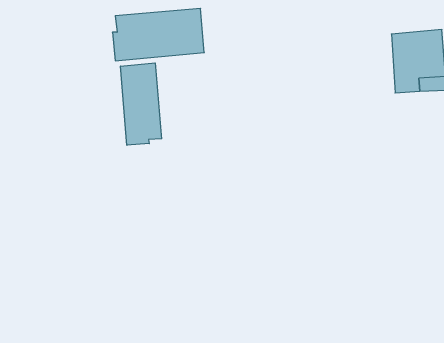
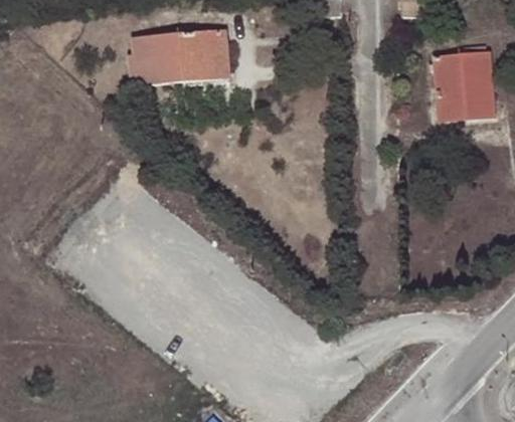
building: [121,63,162,145] -> none

